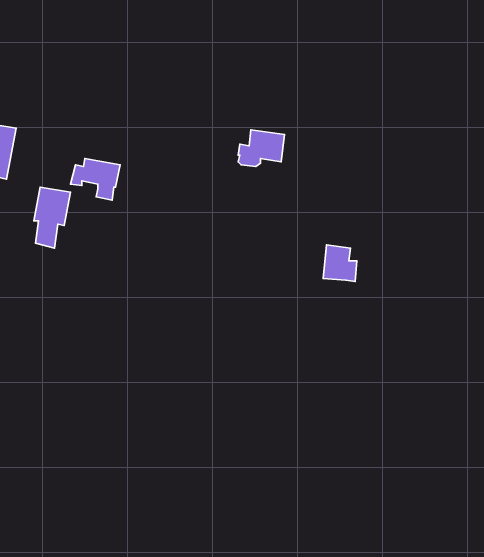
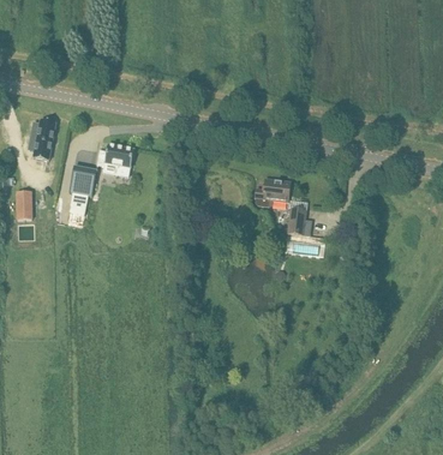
building: [238,130,284,167] -> [256,178,291,205]

